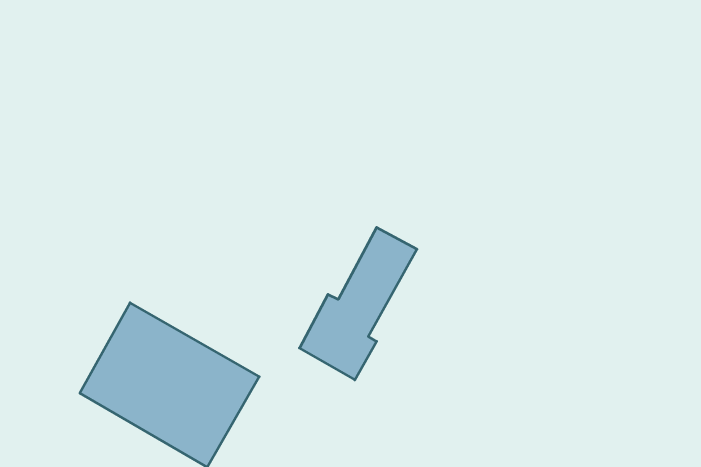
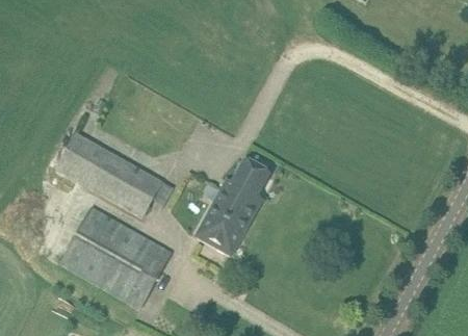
building: none -> [55,130,173,215]

